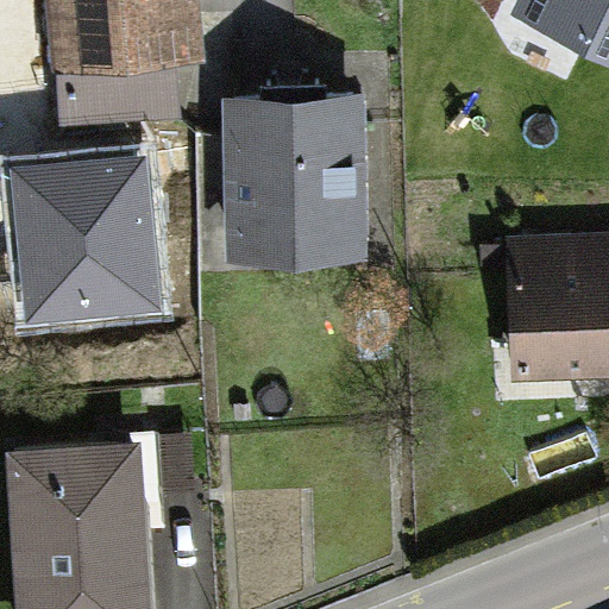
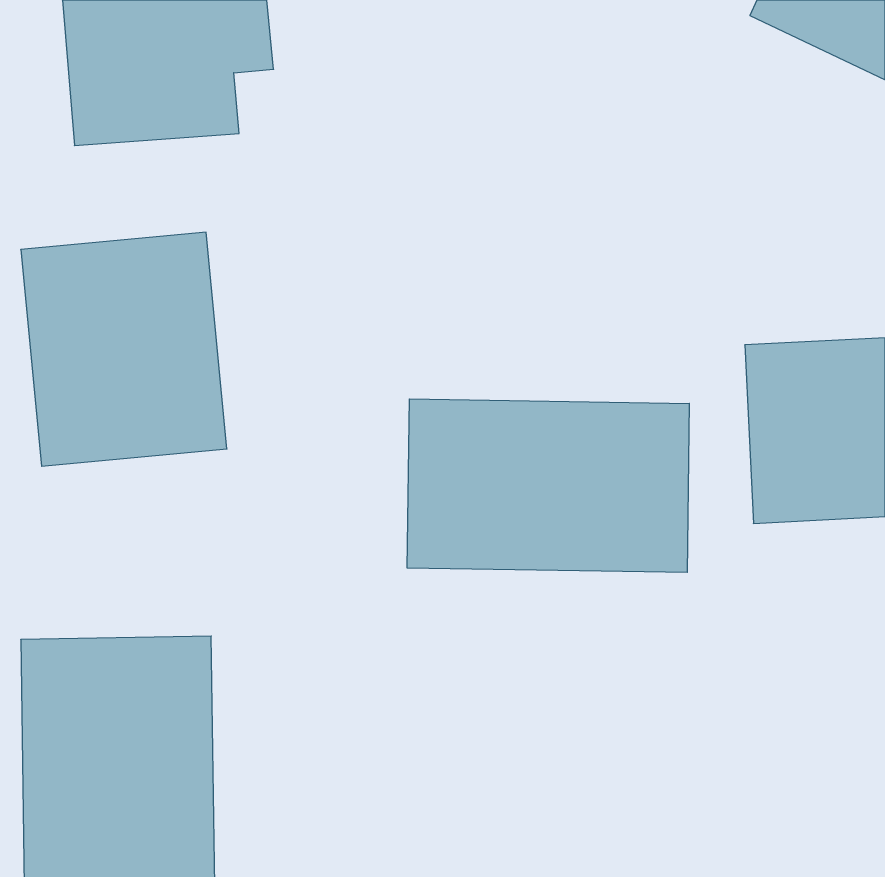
building: [225,101,364,251] -> none
building: none -> [407,399,689,572]

